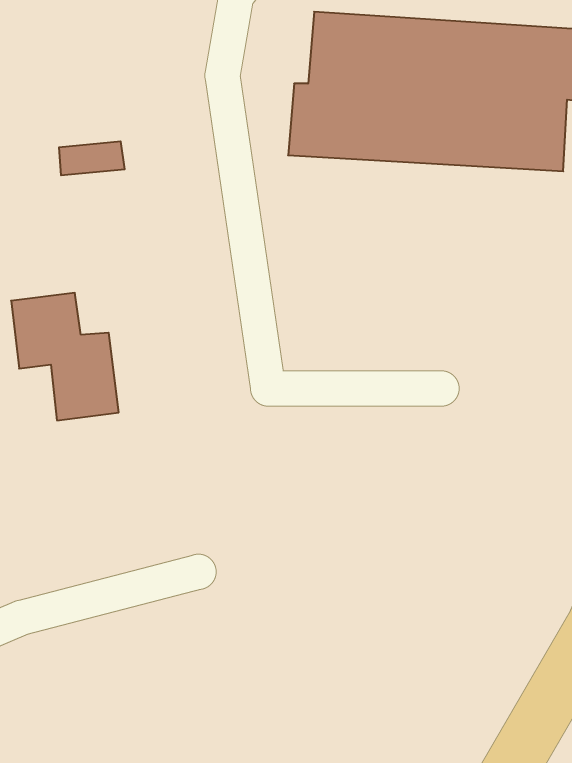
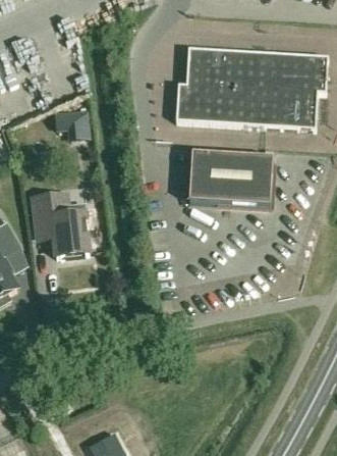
building: none -> [187,152,272,206]

